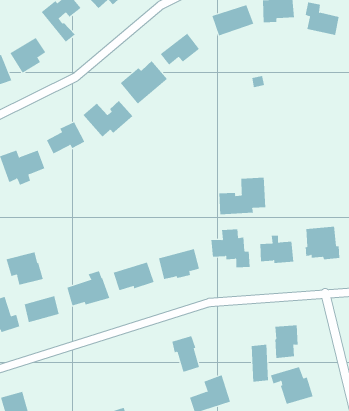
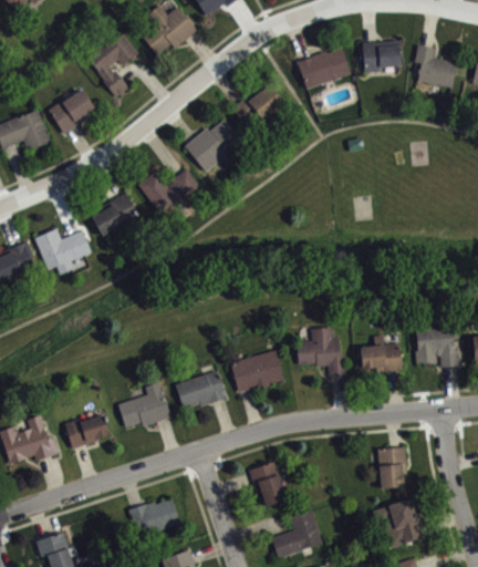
building: [219,177,266,215] -> none
building: [6,251,44,286] -> none
building: [251,344,268,382] -> none
building: none -> [129,499,181,537]

